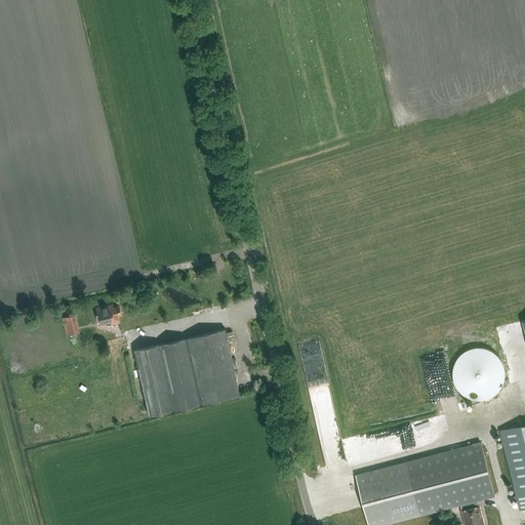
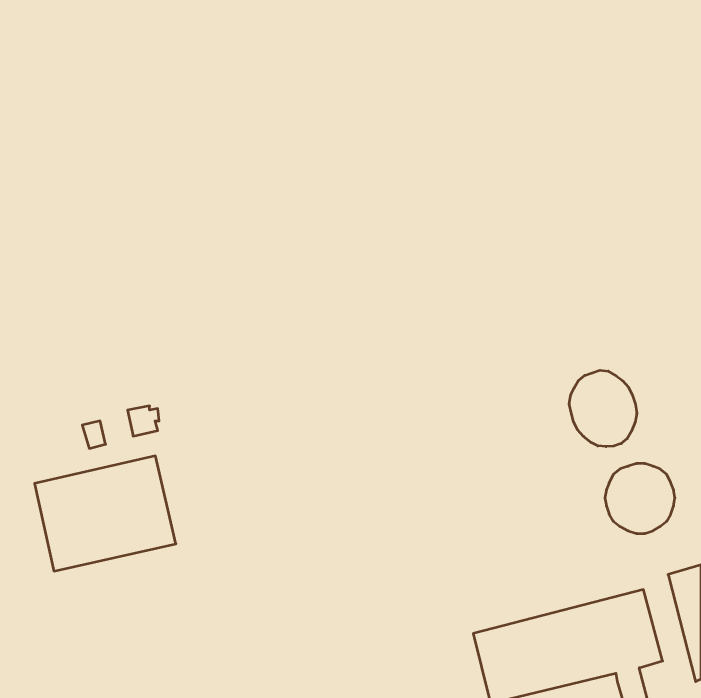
building: none -> [569,370,637,447]
building: [134,330,240,416] -> [35,456,176,571]

